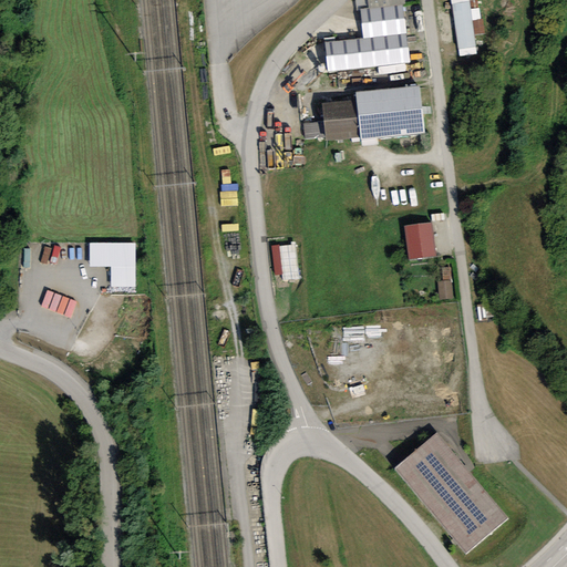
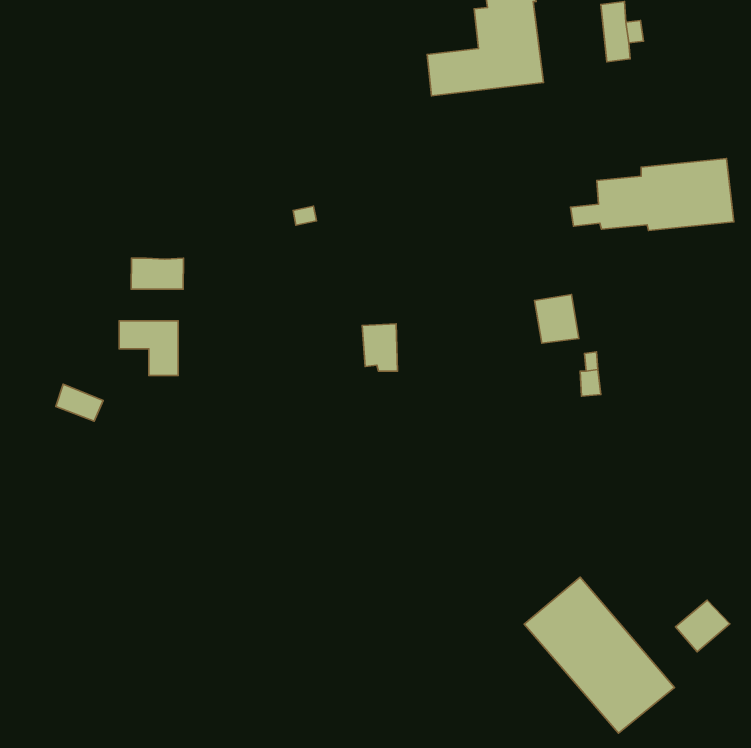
building: [301,85,424,140] -> [570,158,734,231]
building: none -> [131,258,184,289]
building: none -> [675,600,730,652]

